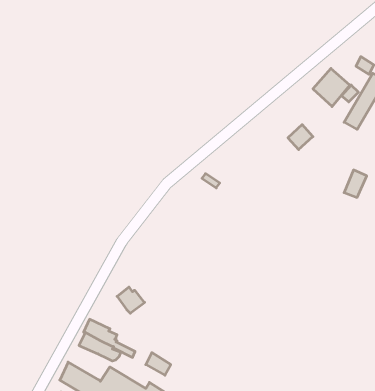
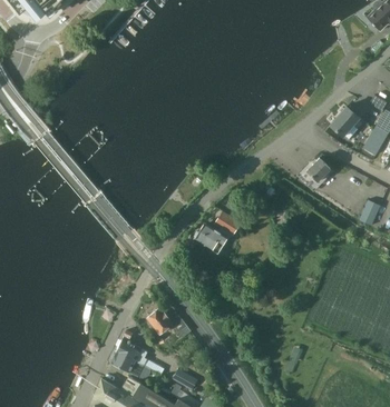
building: none -> [195,212,240,255]

